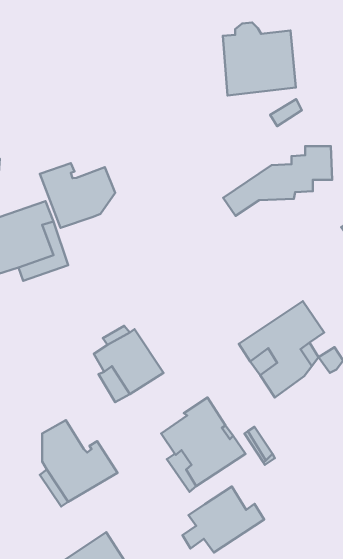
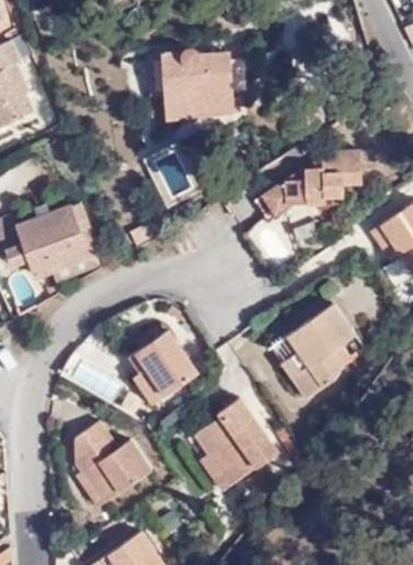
building: [223,22,296,95] -> [161,50,233,121]
building: [40,163,115,228] -> none
building: [183,487,264,553] -> none

